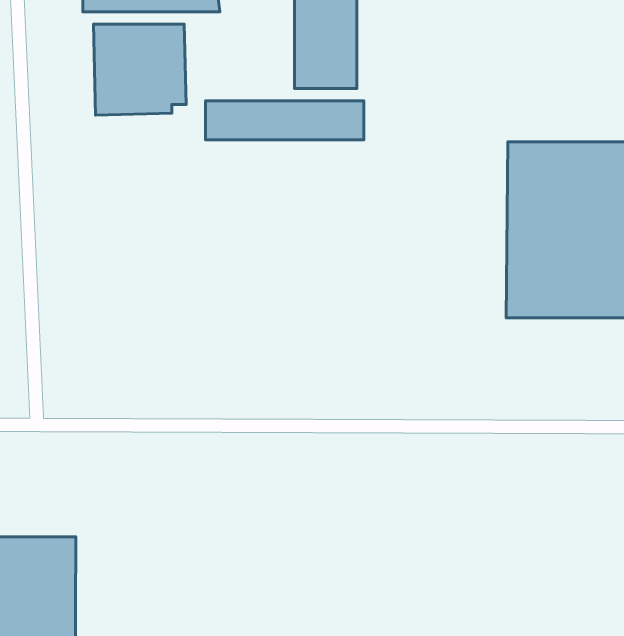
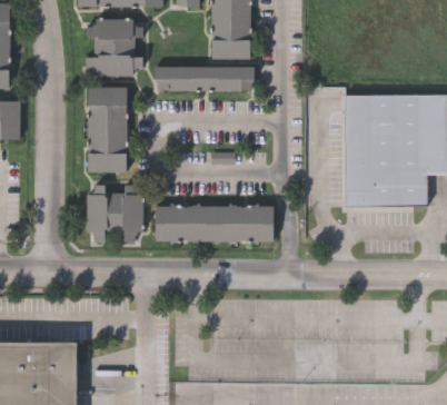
building: none -> [87,87,128,172]
building: none -> [89,185,142,241]
building: none -> [155,206,274,243]

